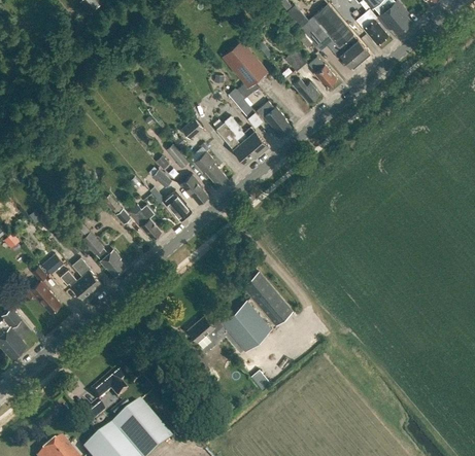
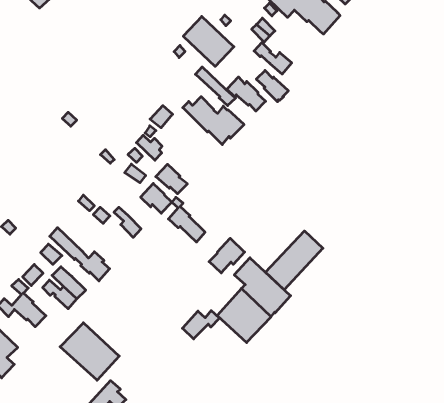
building: [308,56,337,86] -> [256,70,288,102]
building: [194,142,227,186] -> [168,197,205,242]
building: none -> [209,238,245,273]
building: none -> [266,231,323,290]
building: none -> [60,323,119,380]

